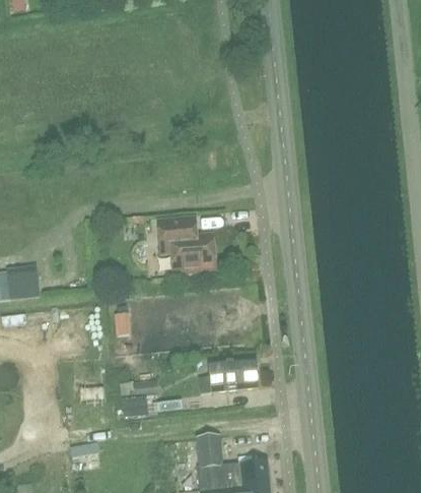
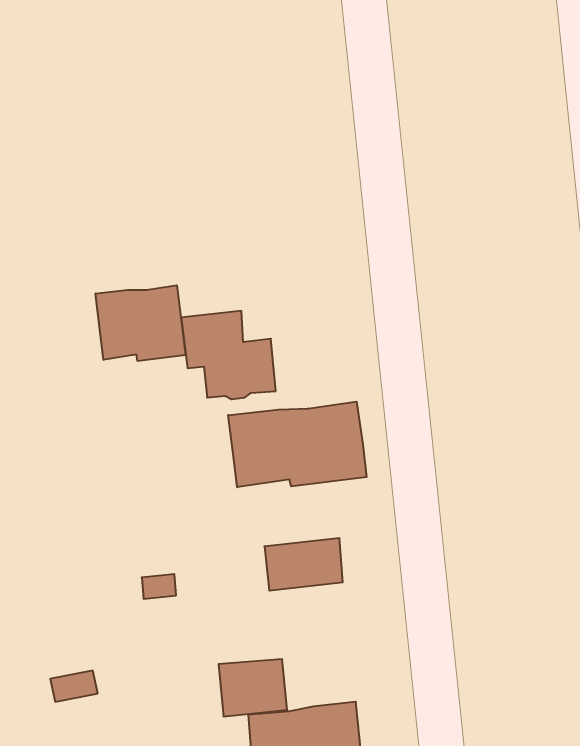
building: none -> [96,285,185,361]
building: none -> [228,402,367,487]

